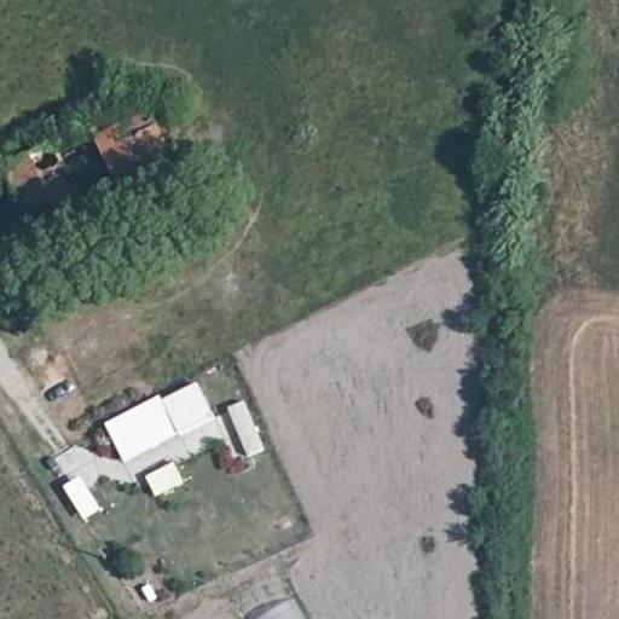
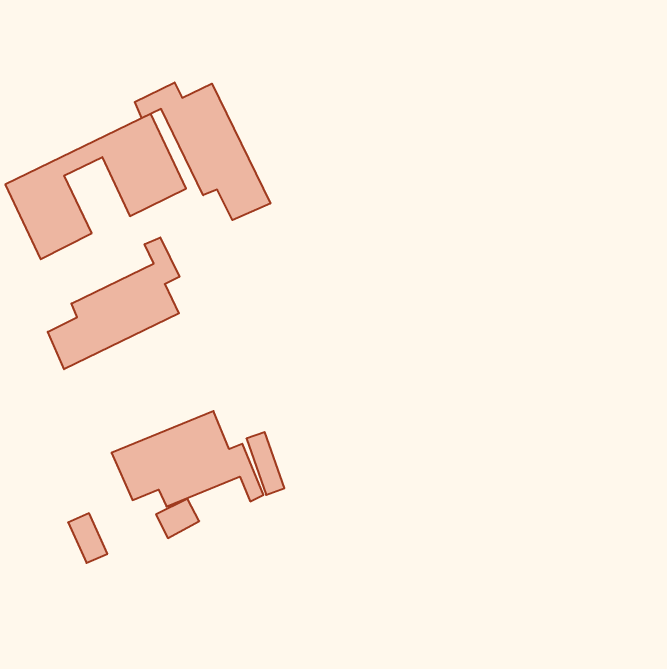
building: none -> [135,82,270,220]
building: none -> [48,237,179,369]

